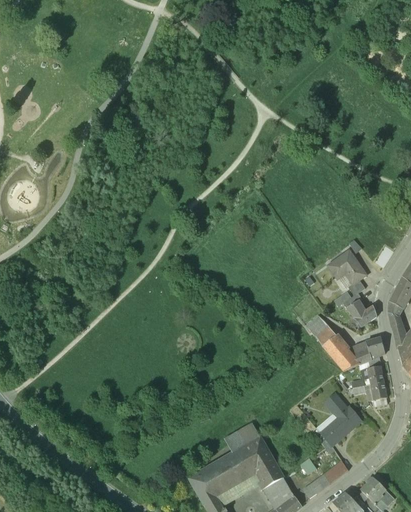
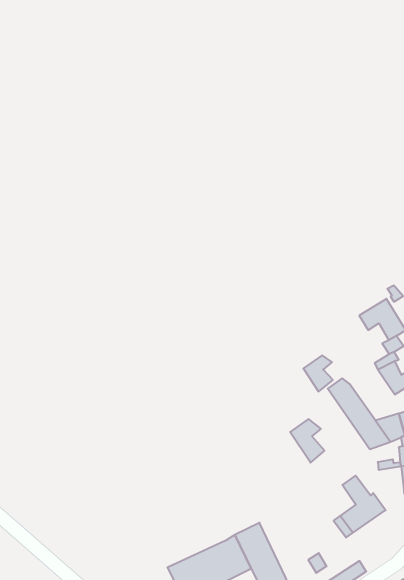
building: none -> [303,355,333,392]
building: none -> [290,419,324,463]
building: [226,424,260,453] -> none

